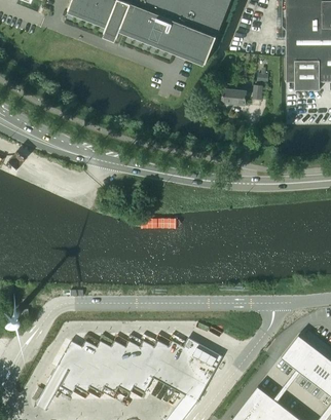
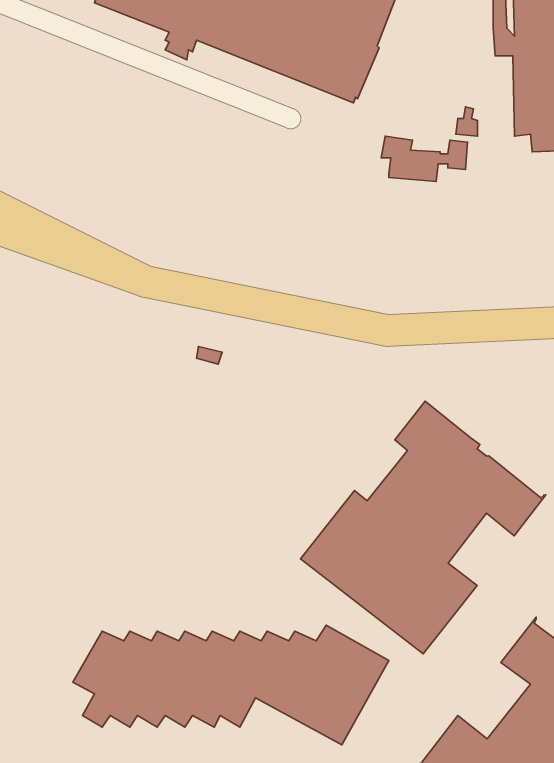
building: none -> [301,401,546,654]

